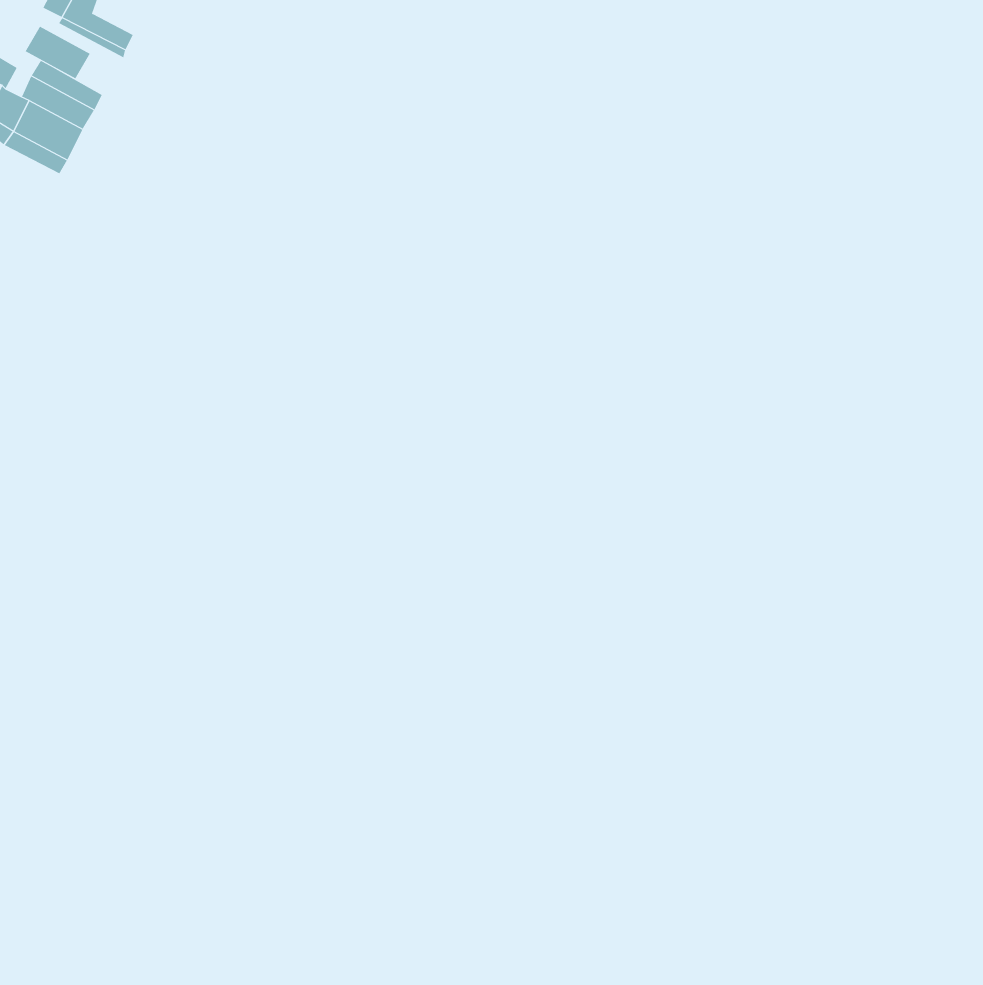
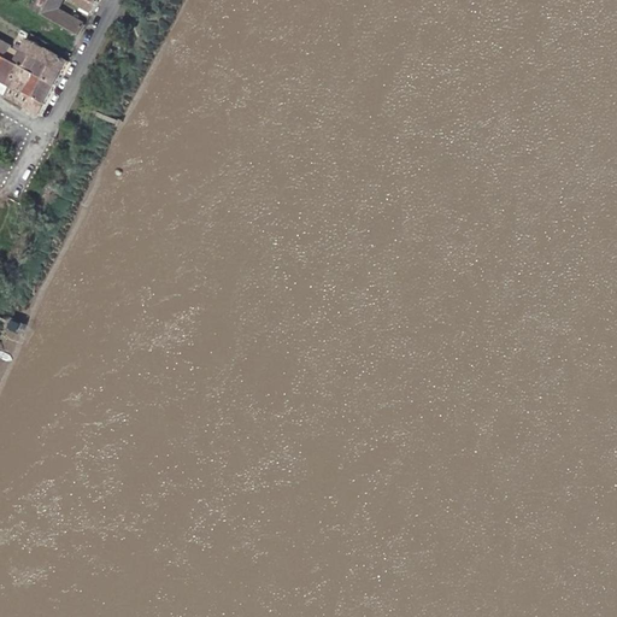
building: [25,26,91,79] -> none

